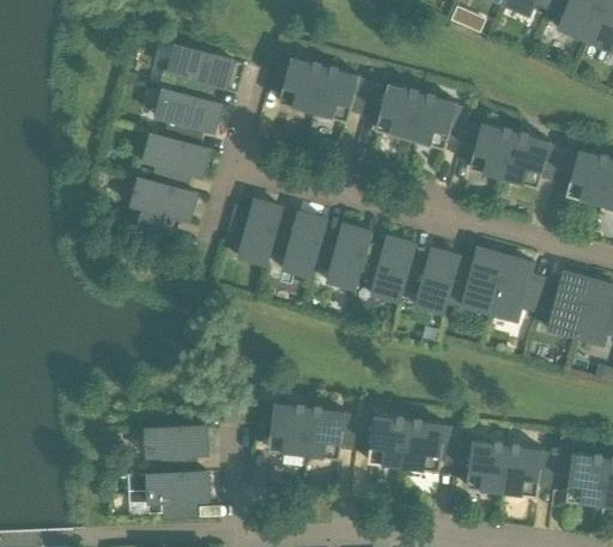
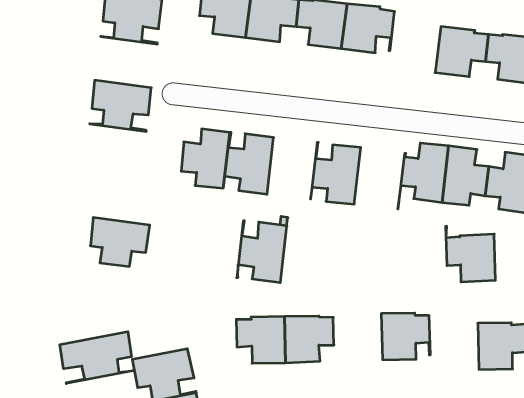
building: [151,89,221,150] -> none
building: [461,109,517,178] -> none
building: [132,177,196,233] -> [90,218,150,266]
building: [311,220,371,290] -> [237,221,287,283]
building: [400,244,460,314] -> none
building: none -> [60,332,134,384]
building: [357,415,411,467] -> none
building: [455,429,509,492] -> [446,226,495,282]

